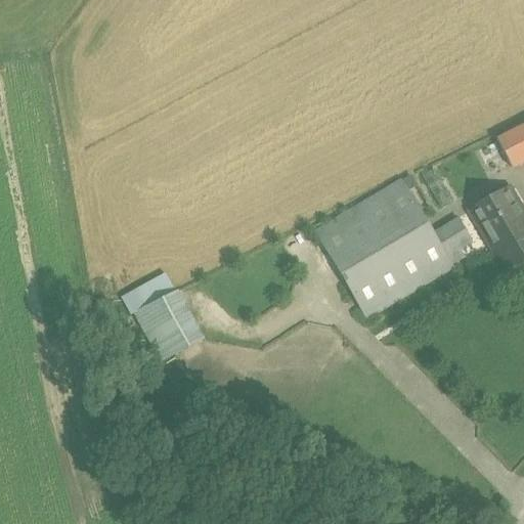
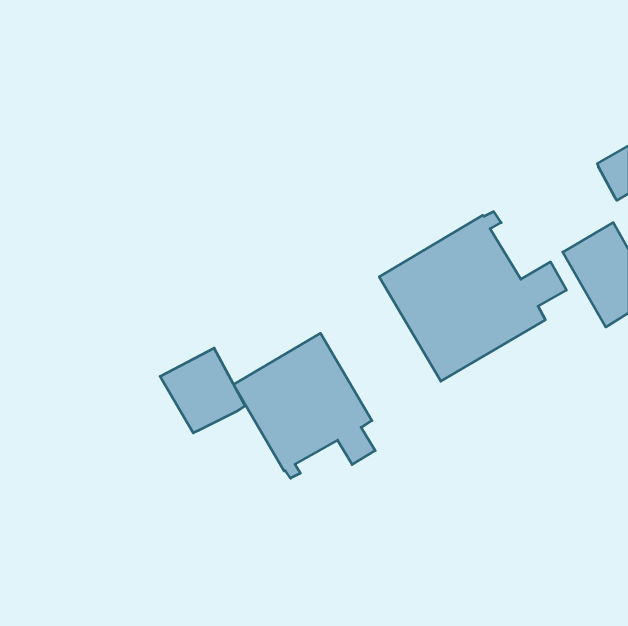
building: [122,272,176,313] -> none
building: none -> [234,333,375,478]

